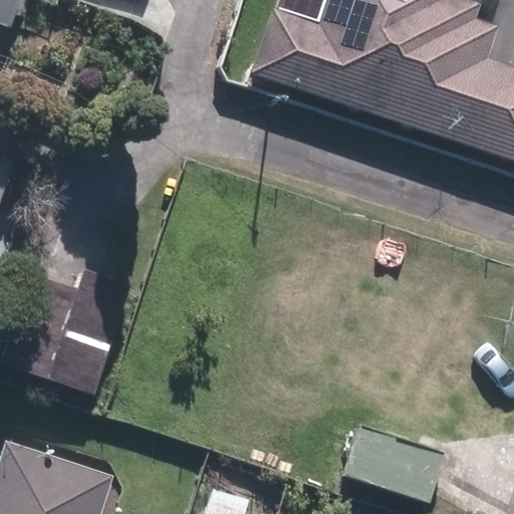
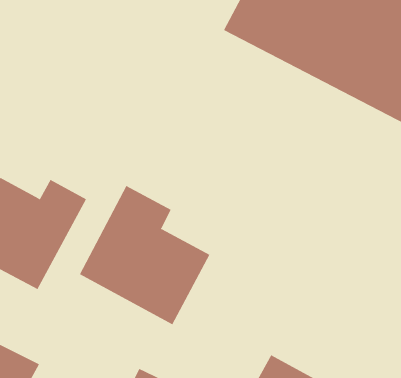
building: none -> [79,185,210,325]

